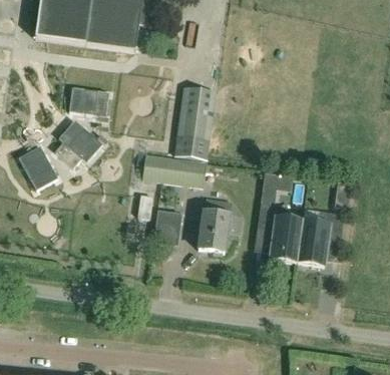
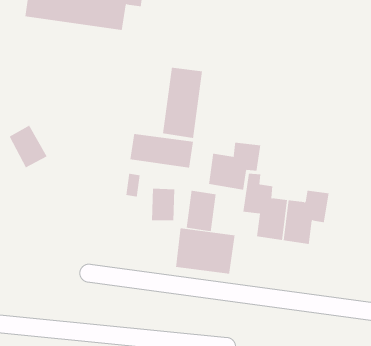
building: [69,85,108,114] -> none
building: [55,118,102,165] -> none
building: none -> [209,142,261,190]
building: none -> [175,228,235,275]

